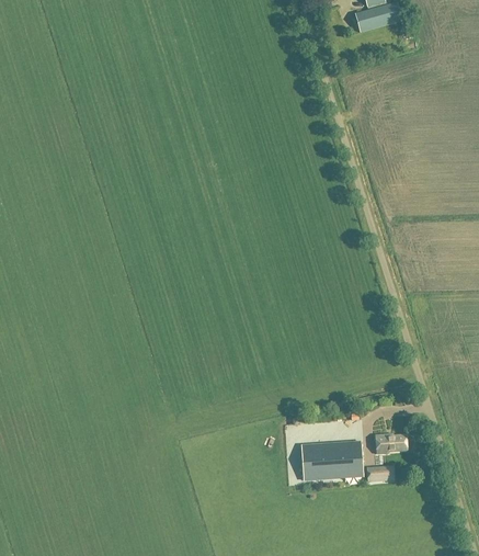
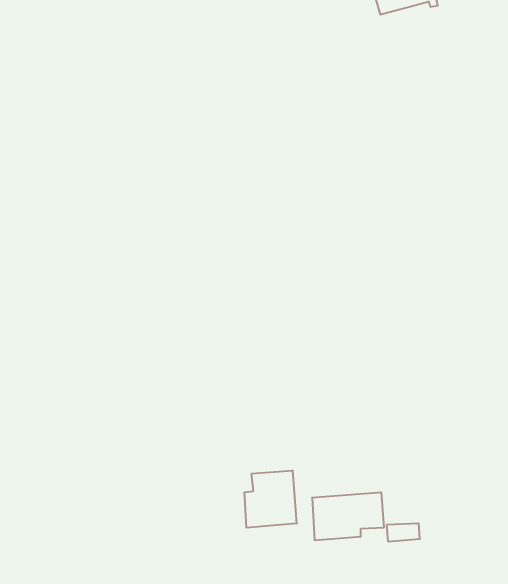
building: none -> [244,470,297,528]
building: [373,433,406,455] -> none

